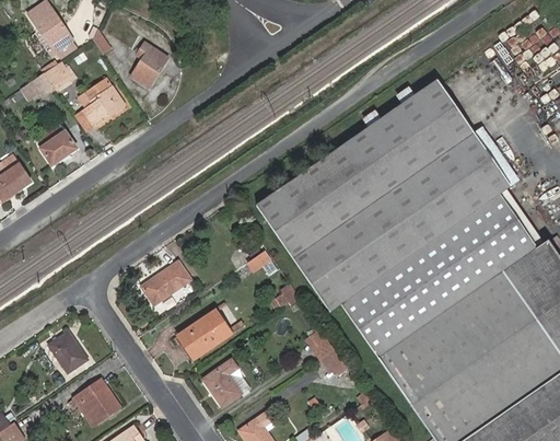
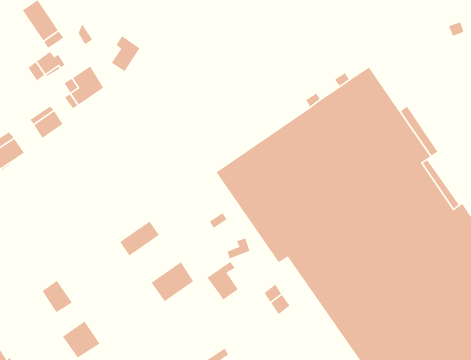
building: [203,359,242,406] -> [206,261,239,301]

